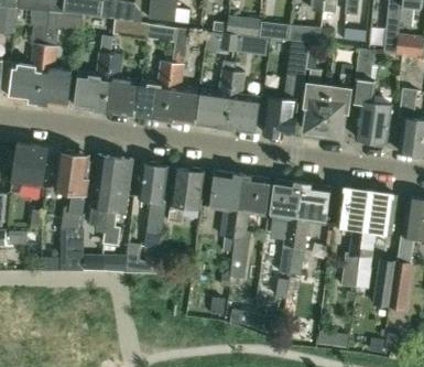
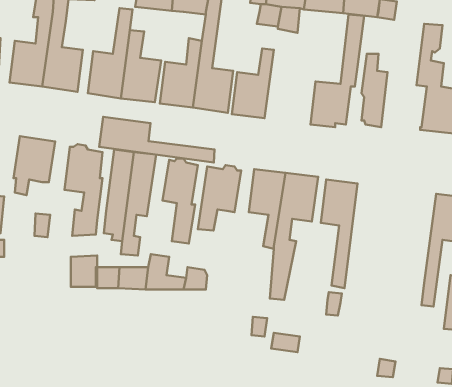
building: [224,72,259,133] -> none
building: [322,78,351,138] -> none
building: none -> [99,117,215,162]
building: [291,184,329,273] -> none
building: [335,188,368,287] -> none

